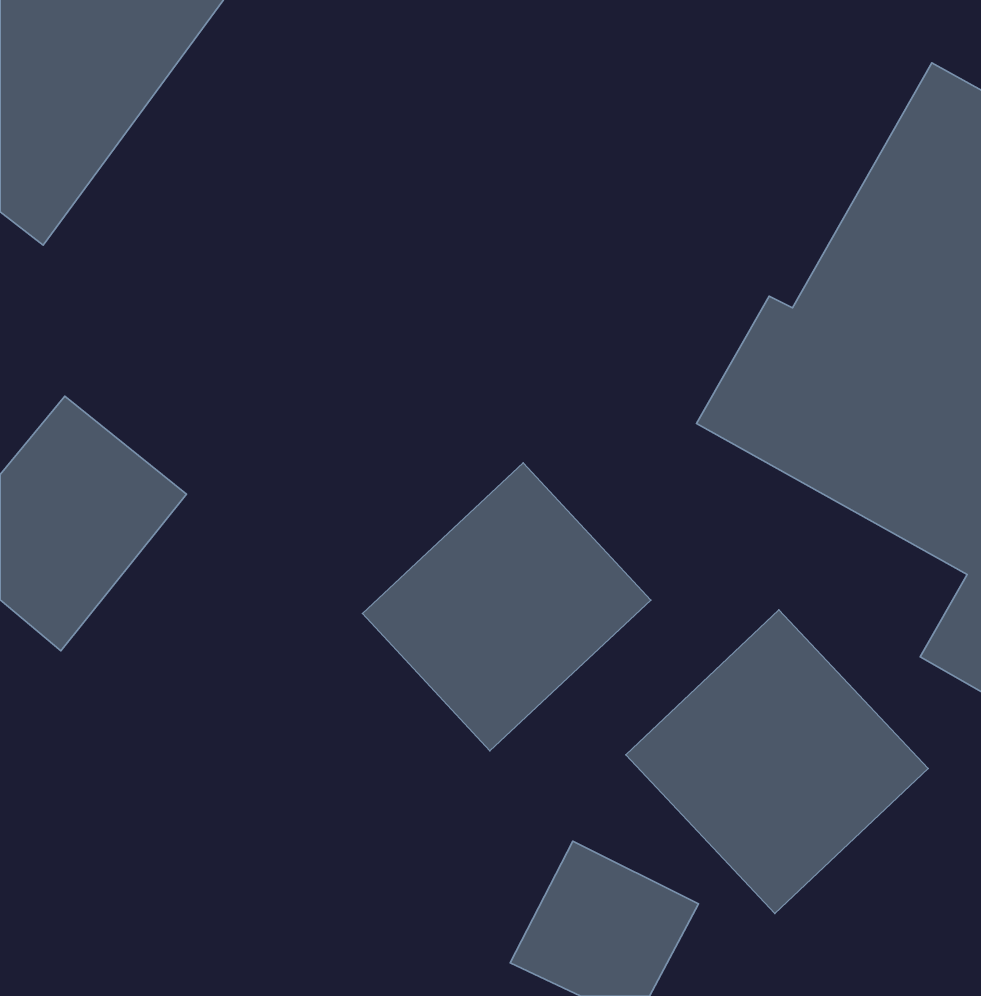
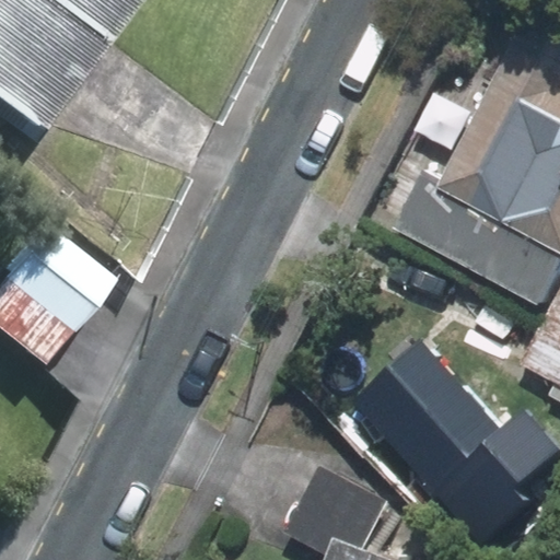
building: [362,463,651,751] -> none

